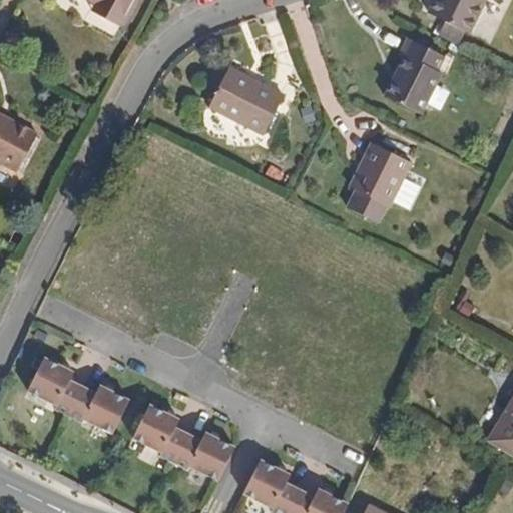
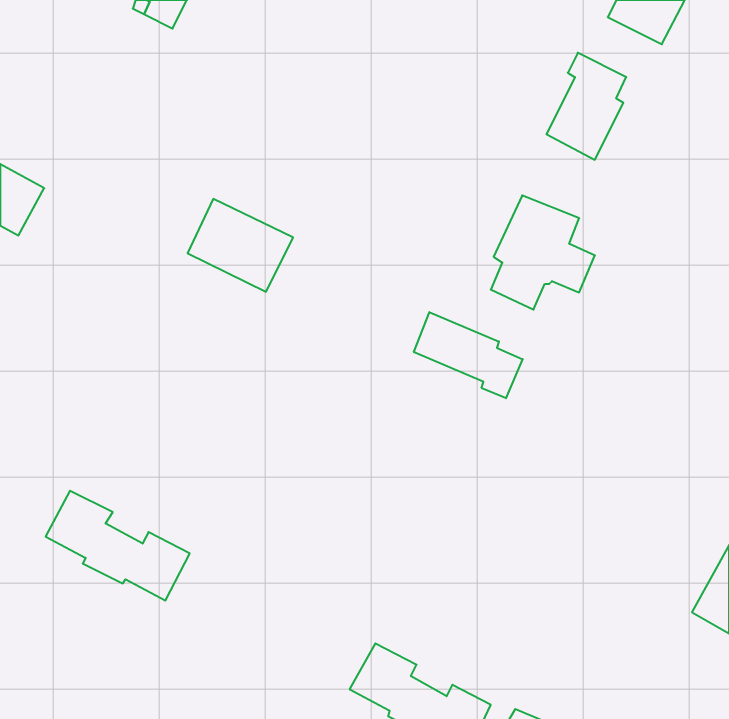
building: [205,72,280,137] -> [188,199,293,292]
building: none -> [414,312,523,398]
building: [136,401,237,478] -> none

